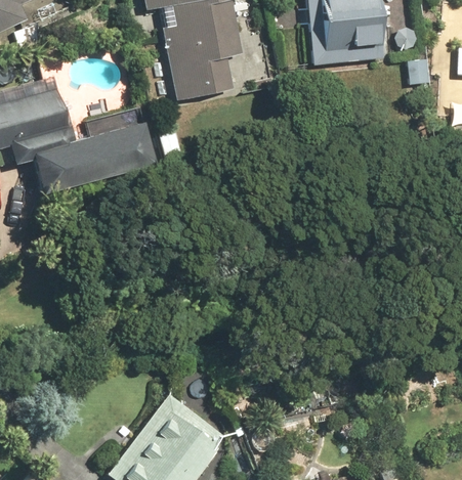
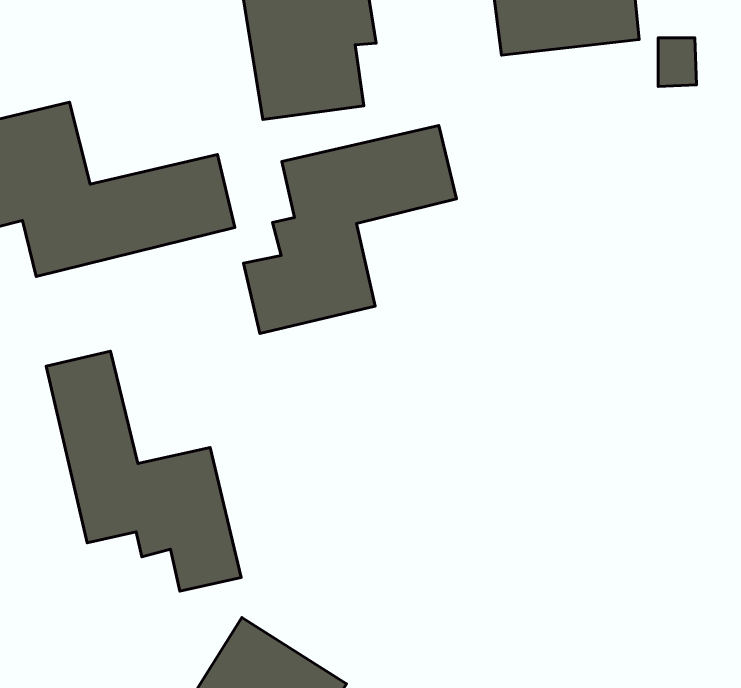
building: none -> [244,126,456,334]
building: none -> [46,351,241,591]

